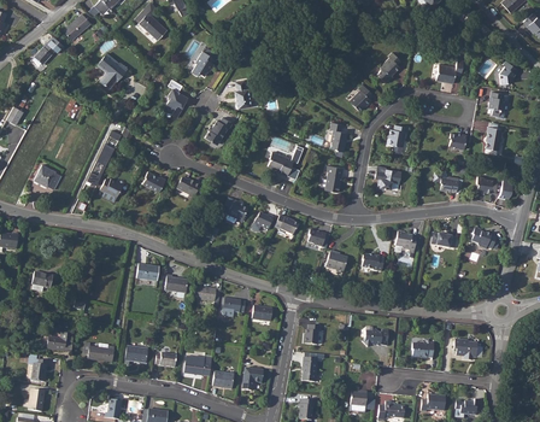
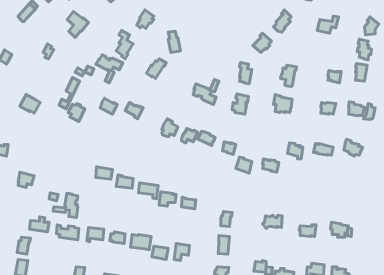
building: none -> [96,55,123,83]
building: none -> [53,193,78,218]

